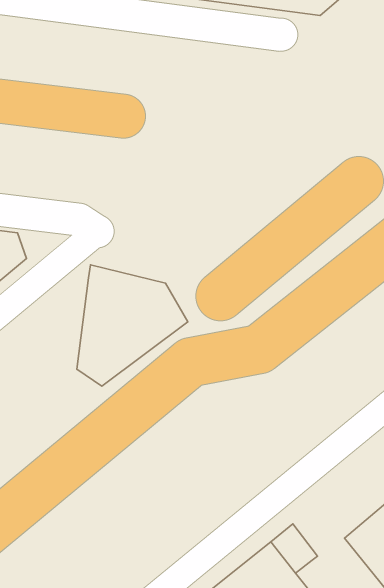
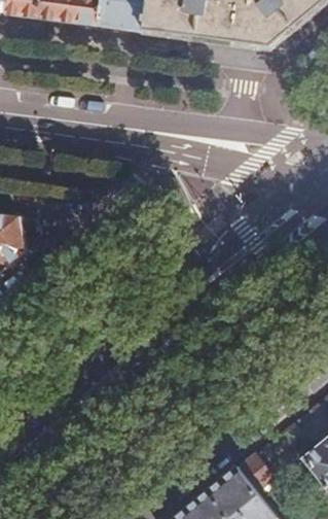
building: [77,265,188,386] -> none

